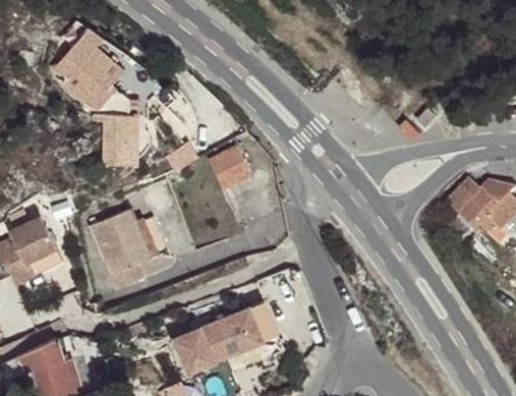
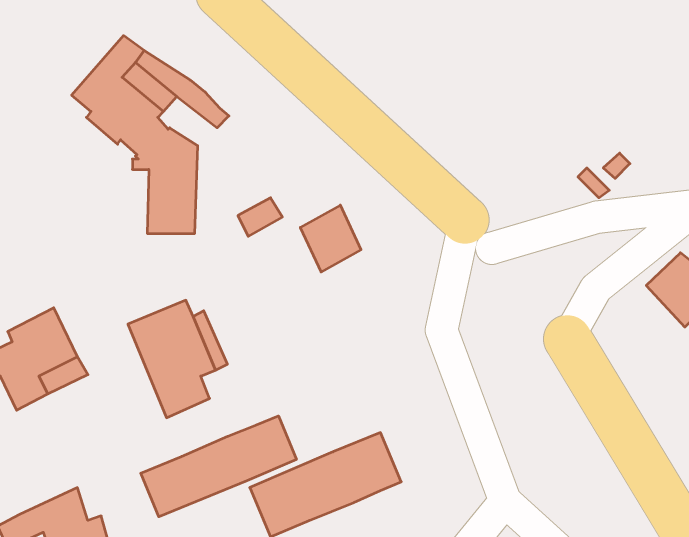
building: none -> [141,416,296,517]

